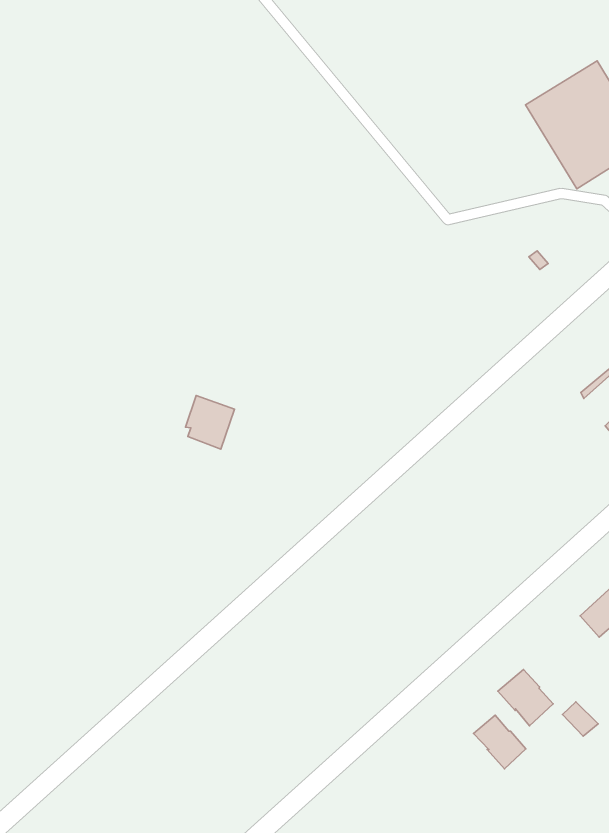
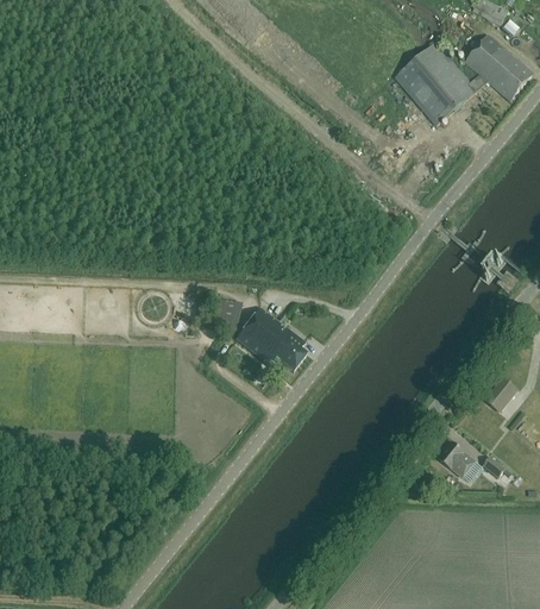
building: none -> [237,308,306,371]
building: [474,715,526,769] -> none

